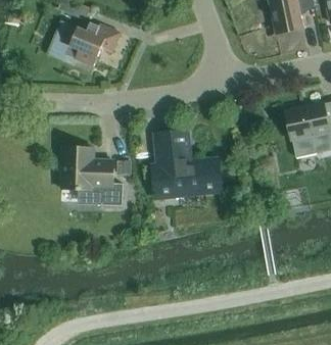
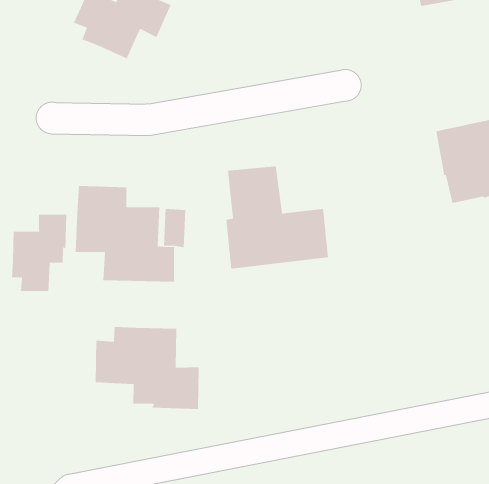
building: none -> [11,214,67,292]
building: none -> [95,326,199,410]

